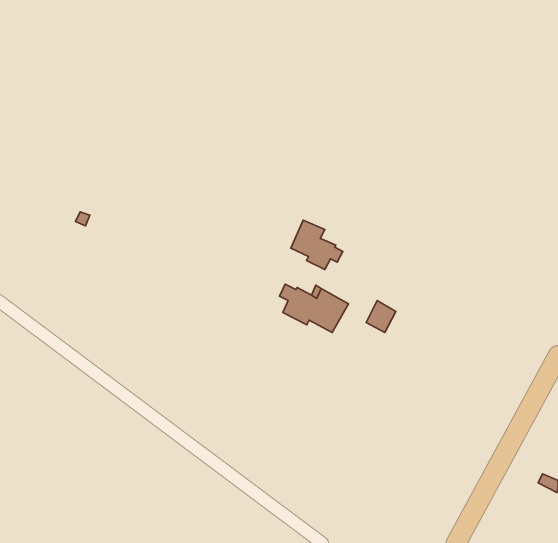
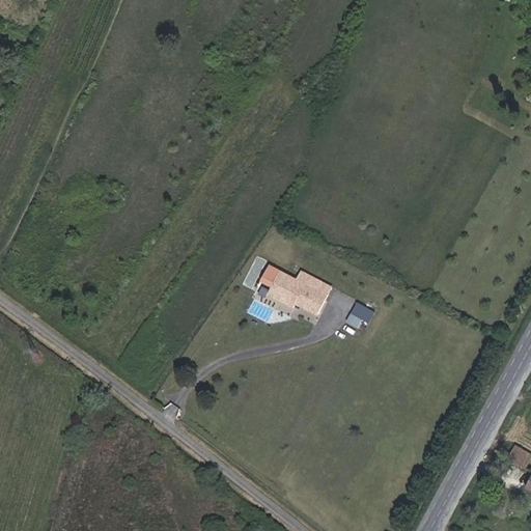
building: [291,220,343,270] -> none

